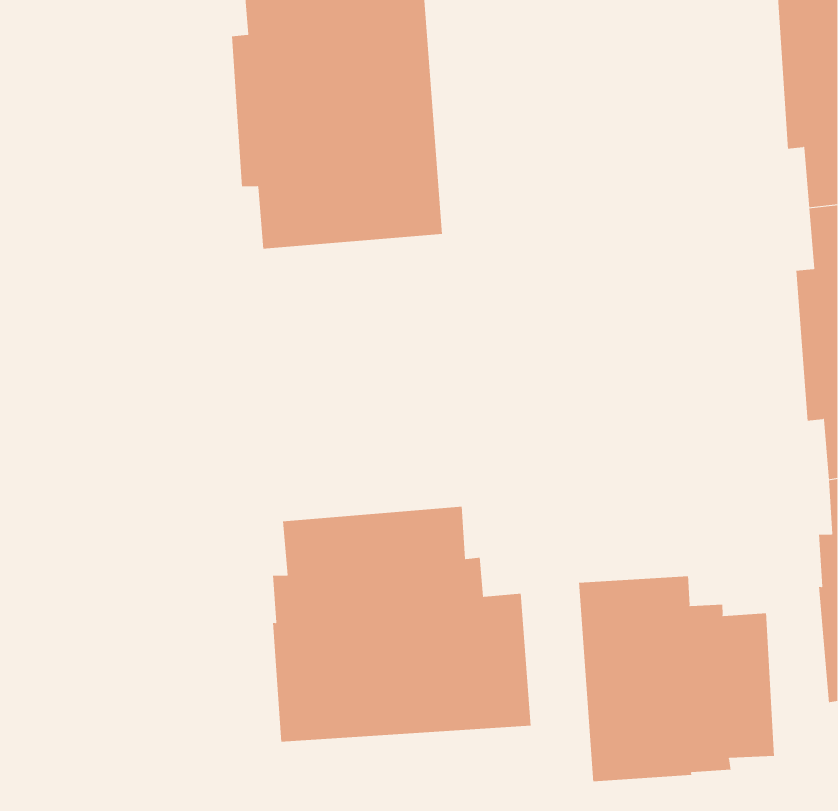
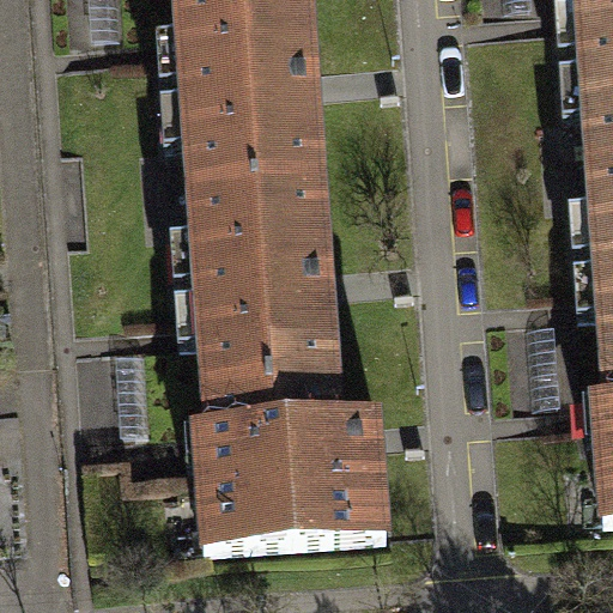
building: none -> [183,171,338,381]
building: [578,575,774,782] -> none

